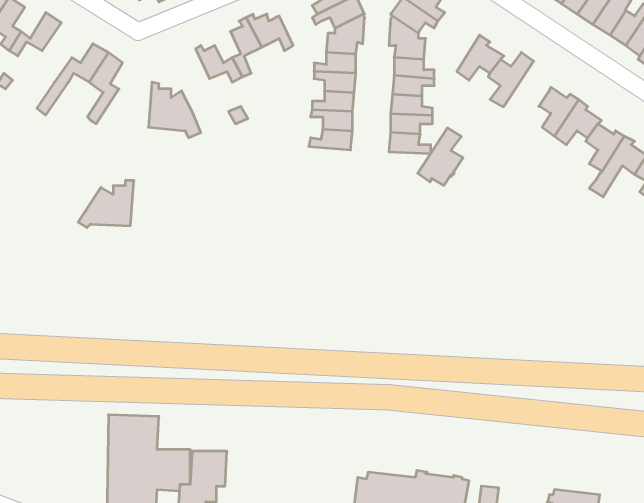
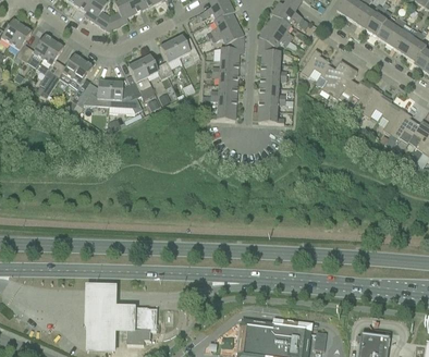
building: none -> [35,40,62,77]
building: none -> [125,57,150,96]
building: [418,128,463,185] -> [330,64,358,100]
building: [78,181,134,228] -> [75,77,110,107]

